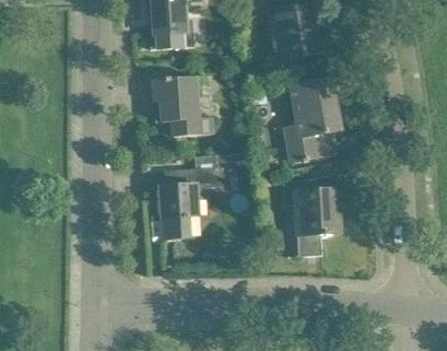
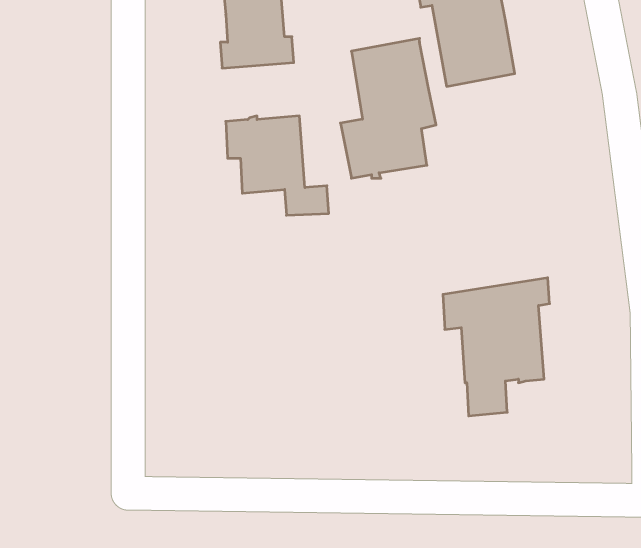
building: [286,77,343,160] -> [340,38,436,178]
building: [162,166,224,239] -> none

